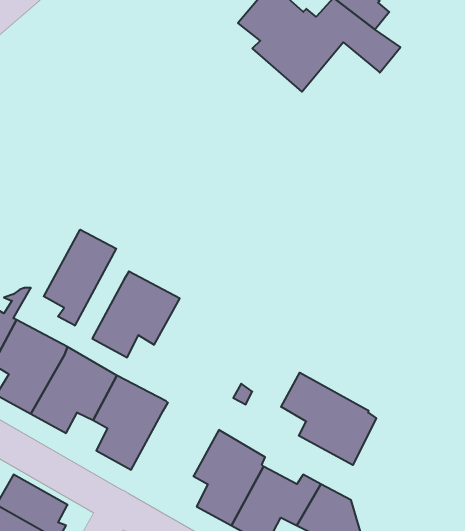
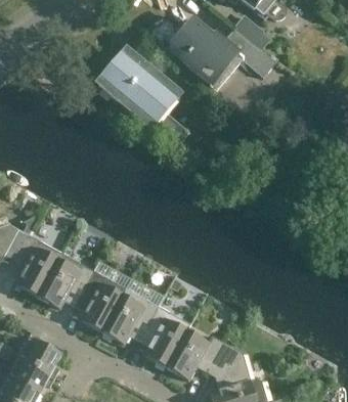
building: none -> [99,51,178,128]
building: [44,230,116,326] -> none
building: [92,271,180,357] -> [102,288,159,344]
building: [281,373,376,465] -> none

